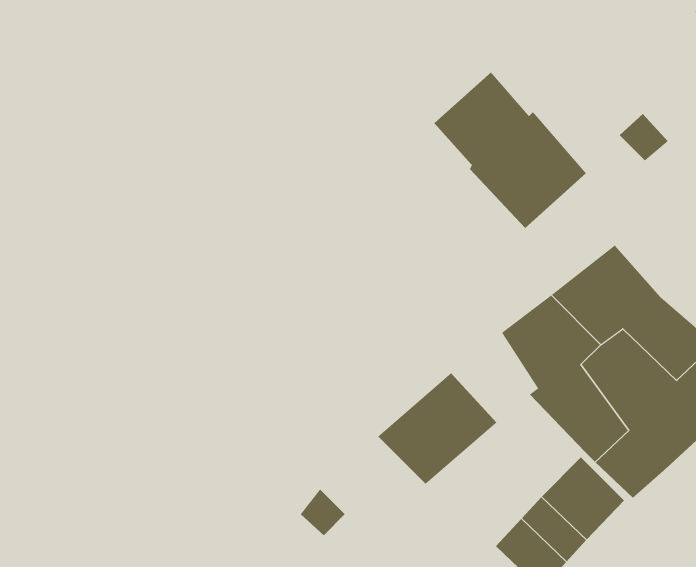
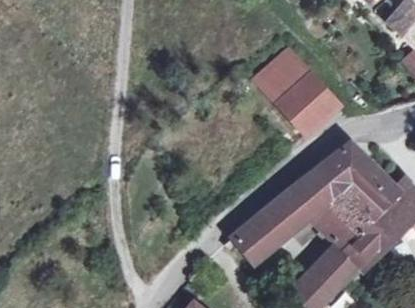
building: none -> [268,185,311,230]

